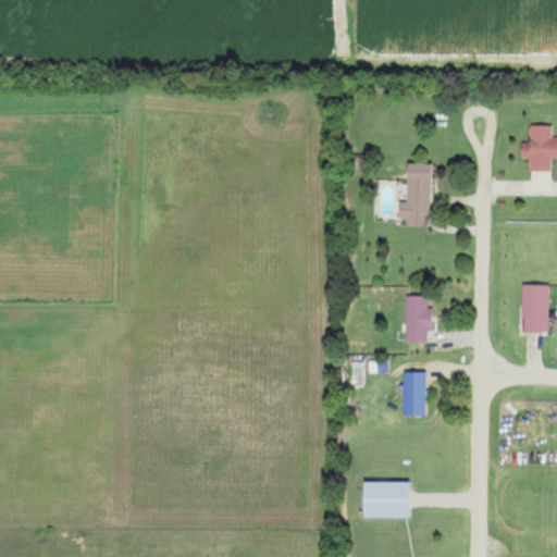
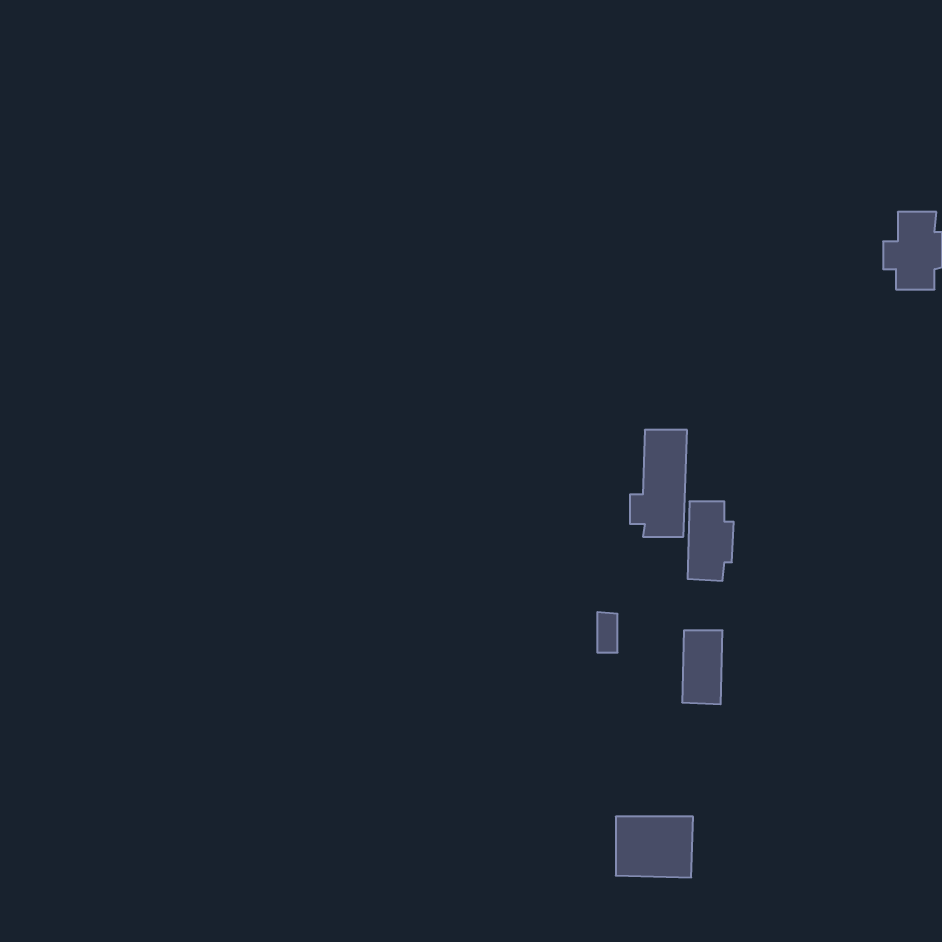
building: [398,163,432,226] -> [630,430,687,537]
building: [522,285,549,333] -> none

